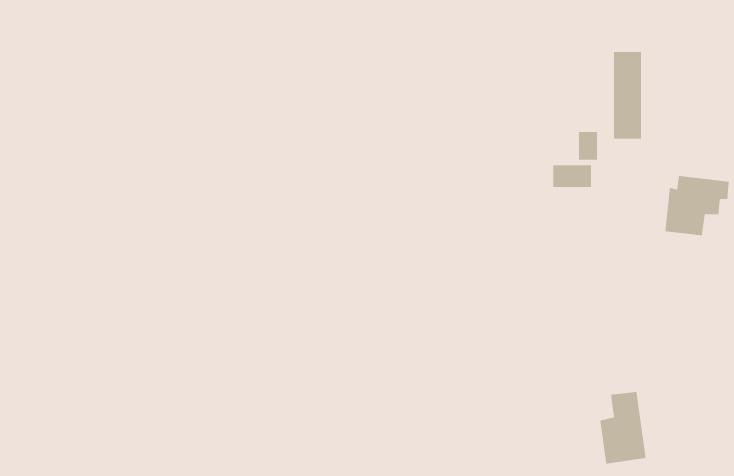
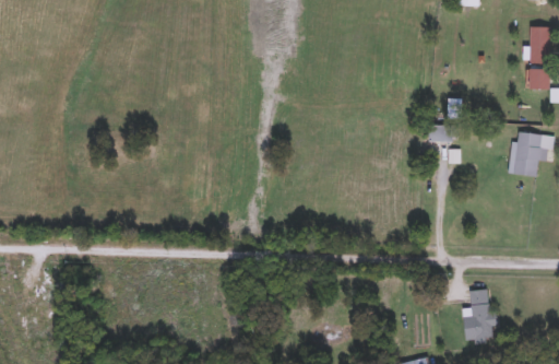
building: [613,52,642,139] -> [530,26,550,90]

